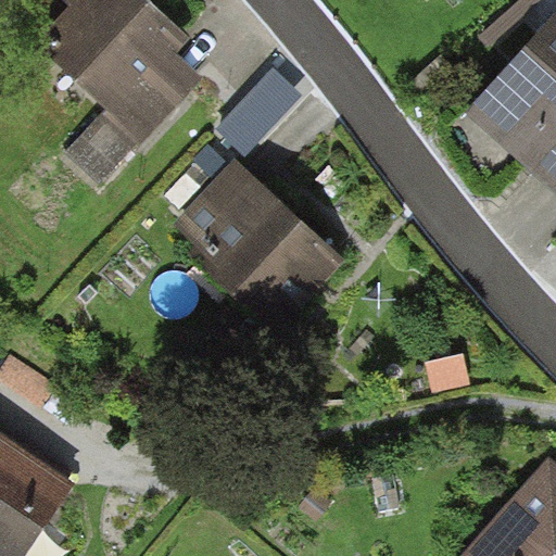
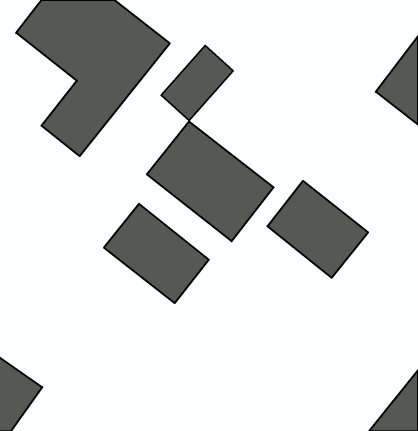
building: none -> [267,181,368,278]
building: none -> [104,204,209,303]

